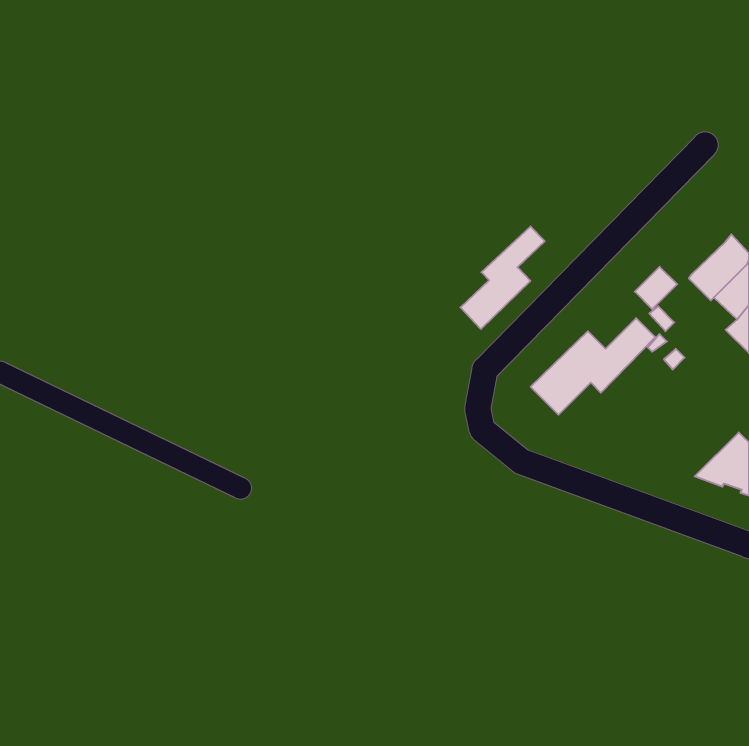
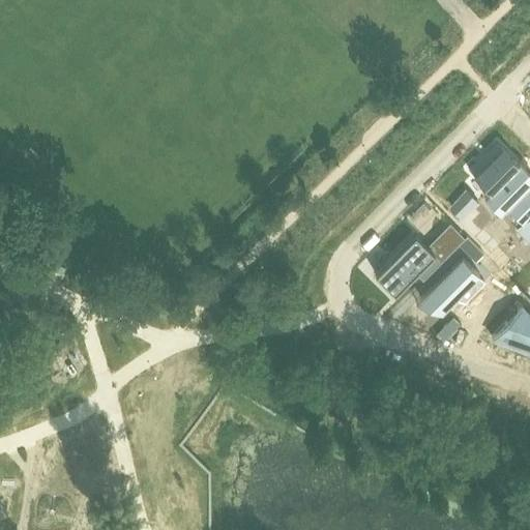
building: none -> [470,139,519,188]
building: [460,226,545,329] -> none
building: none -> [421,259,478,312]

